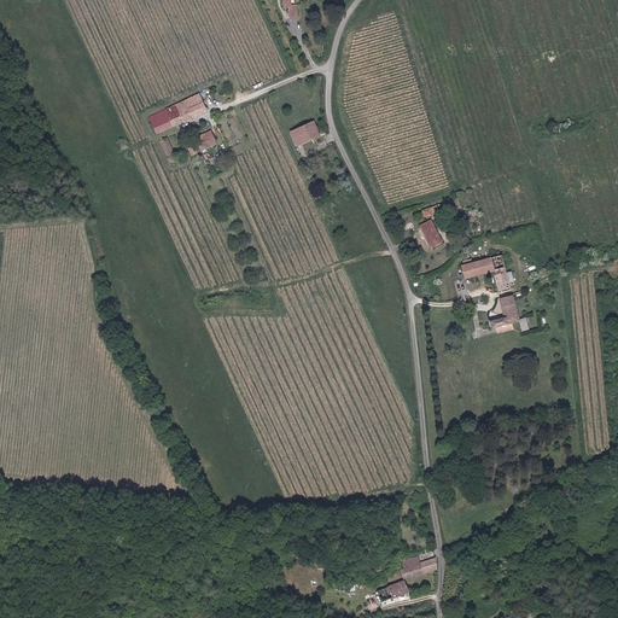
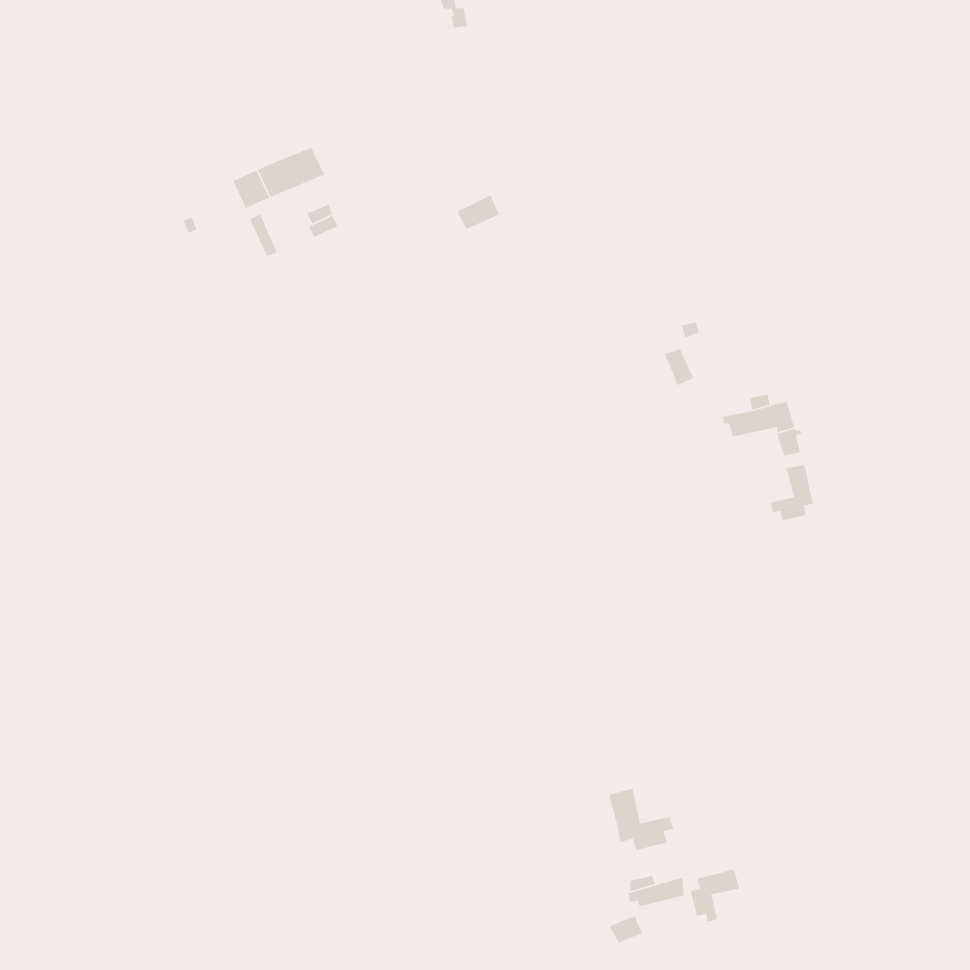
building: none -> [609,787,674,851]
building: none -> [690,869,740,923]

